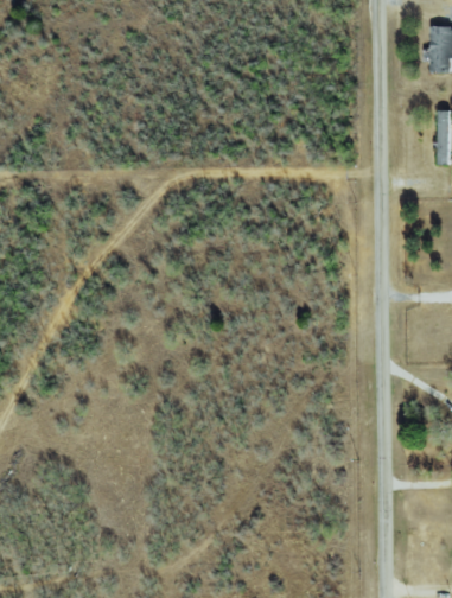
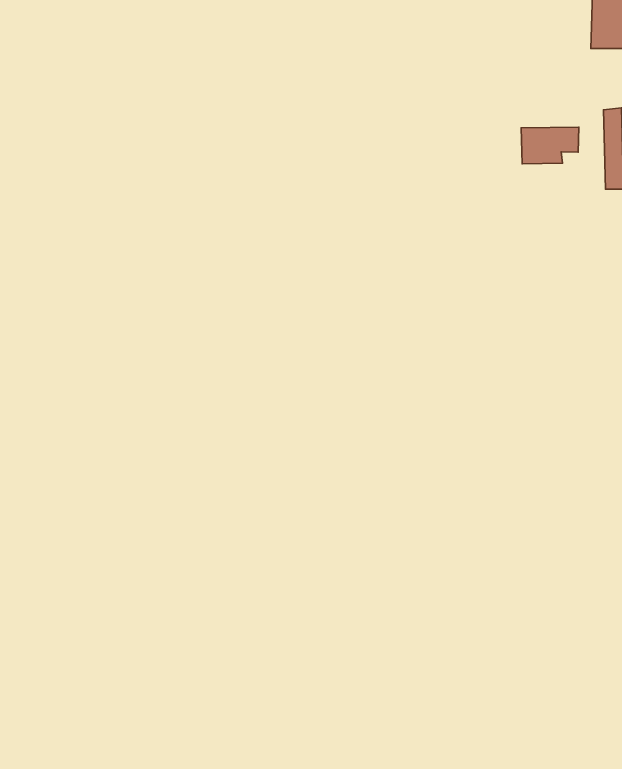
building: none -> [521,127,579,164]

